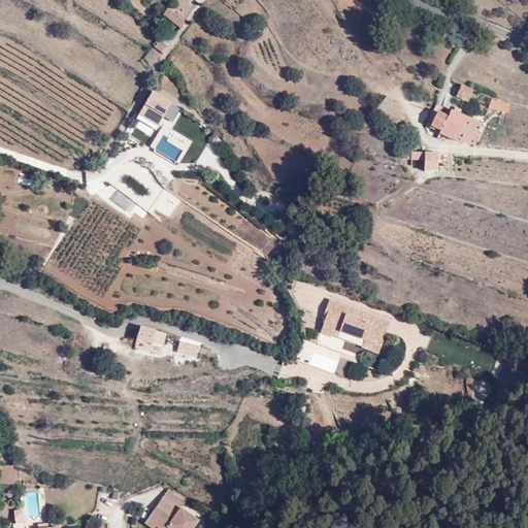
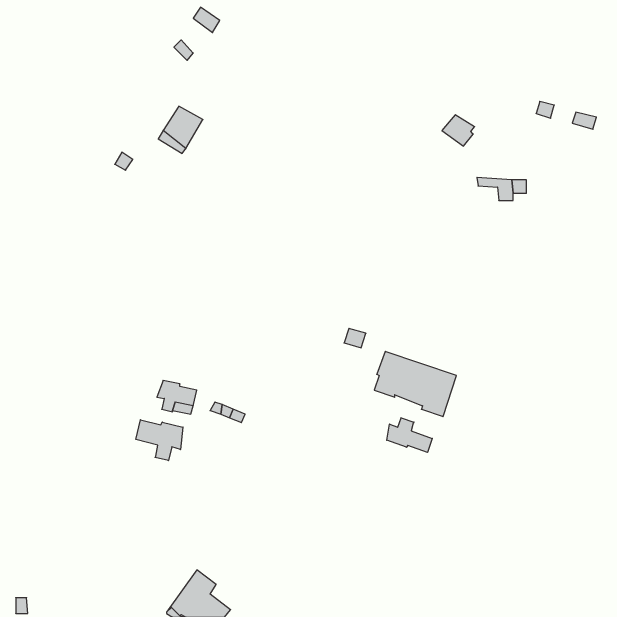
building: [432,107,484,143] -> none
building: none -> [387,418,432,452]
building: none -> [136,420,183,461]

